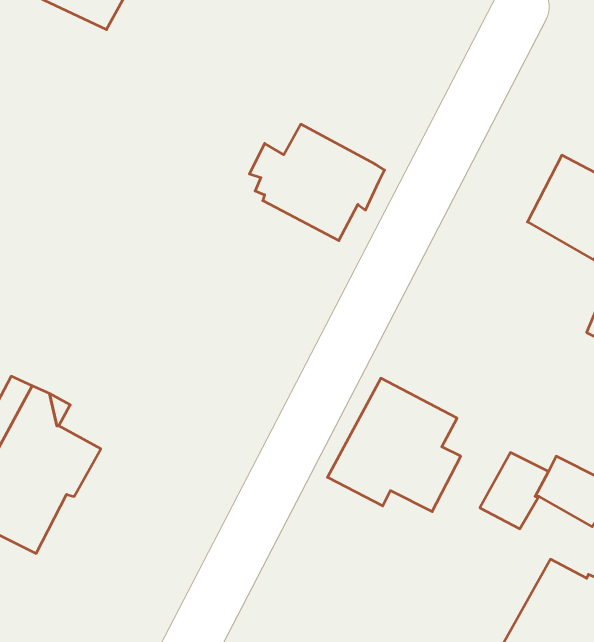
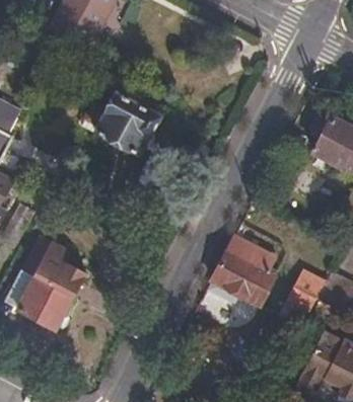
building: [249,124,385,241] -> [84,92,156,154]

